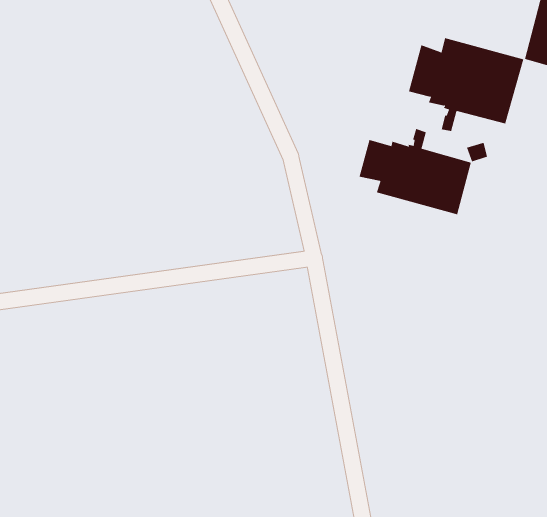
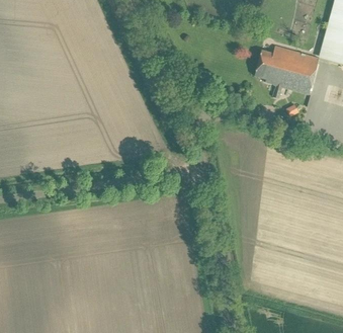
building: [359,128,472,215] -> none

